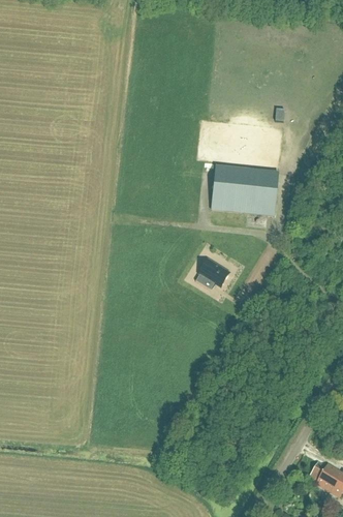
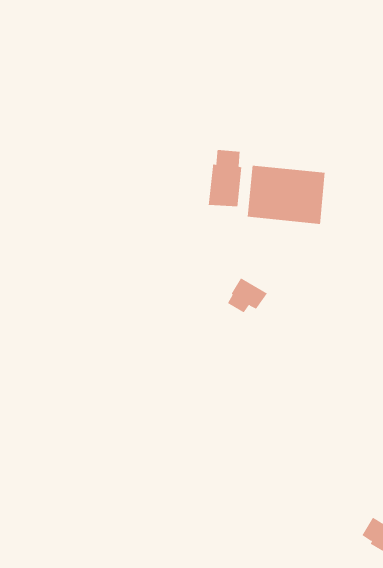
building: none -> [208,149,242,207]

